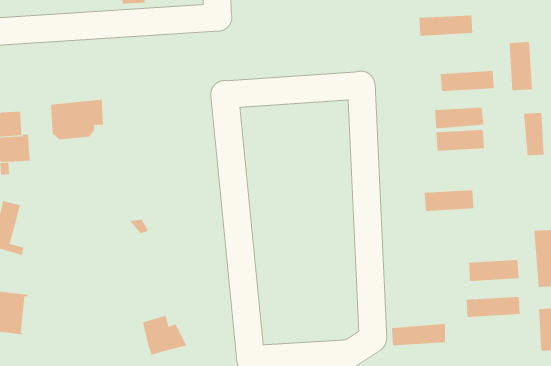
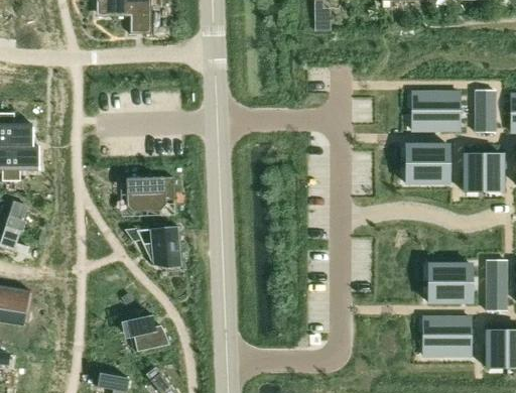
building: [419,15,473,36] -> [411,92,460,109]
building: [50,99,104,140] -> [126,176,173,211]
building: none -> [465,153,481,191]
building: [424,190,474,212] -> [427,264,472,281]
building: none -> [142,227,180,265]
building: [391,324,446,346] -> [422,337,472,354]

